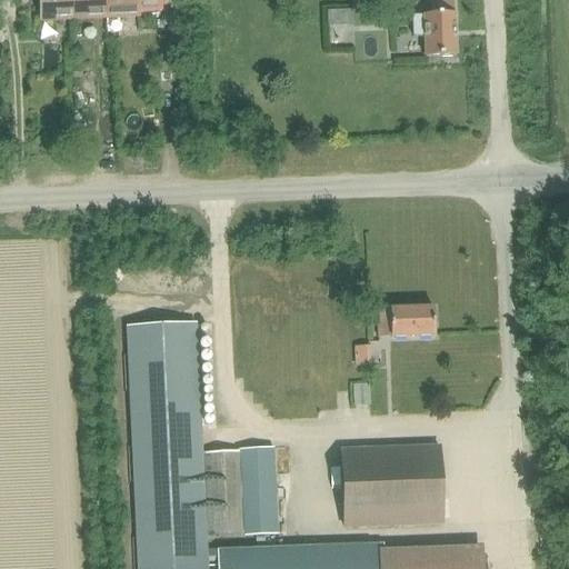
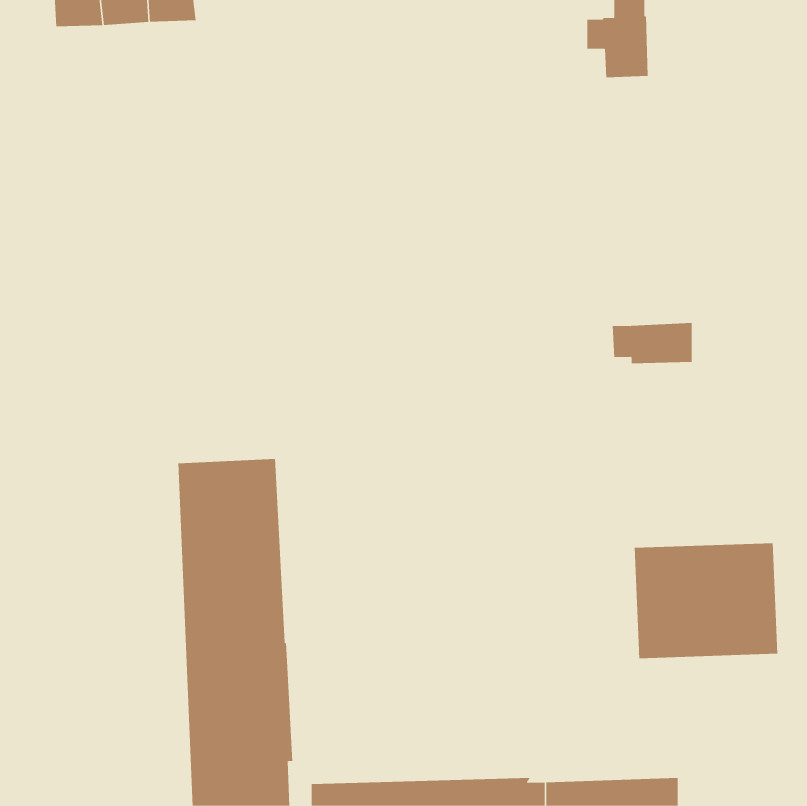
building: [378,306,435,335] -> [612,322,693,364]
building: [341,445,442,526] -> [634,543,778,659]
building: [203,447,279,533] -> none

